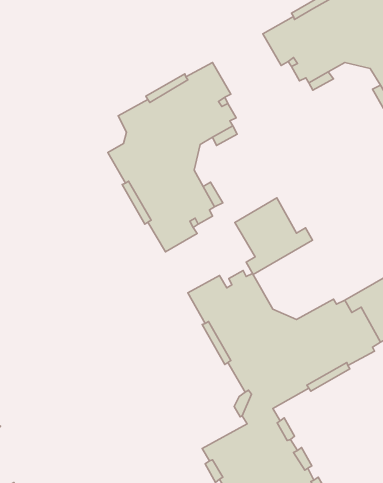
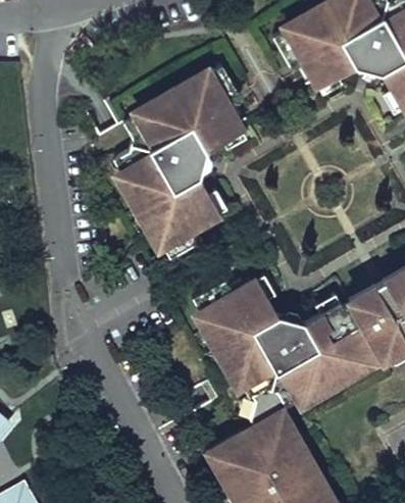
building: [235,198,313,275] -> none

